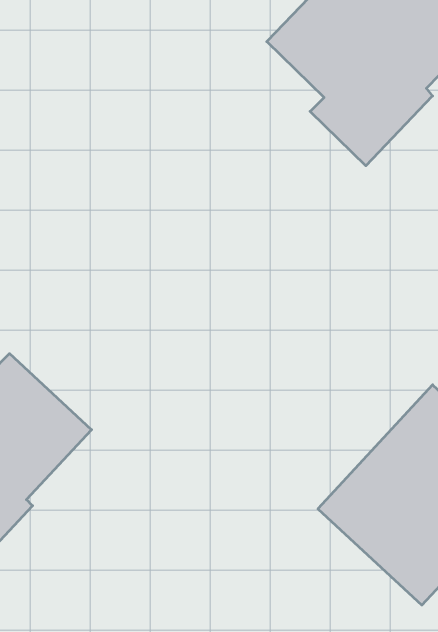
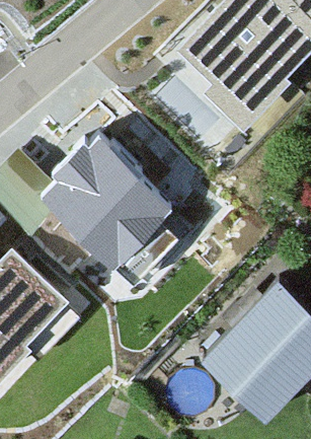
building: none -> [42,141,168,267]

